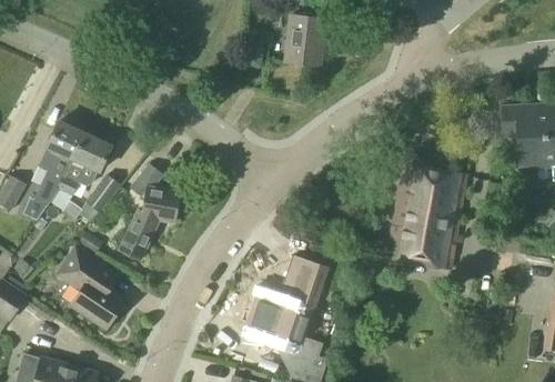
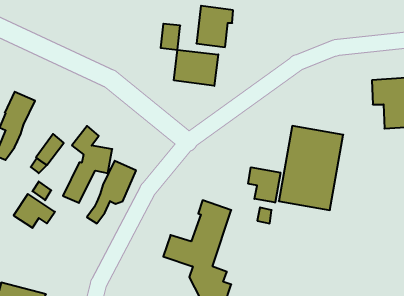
building: none -> [174,50,218,86]
building: [50,132,111,210] -> [87,161,136,223]
building: none -> [248,167,280,203]
building: [71,278,123,329] -> none

